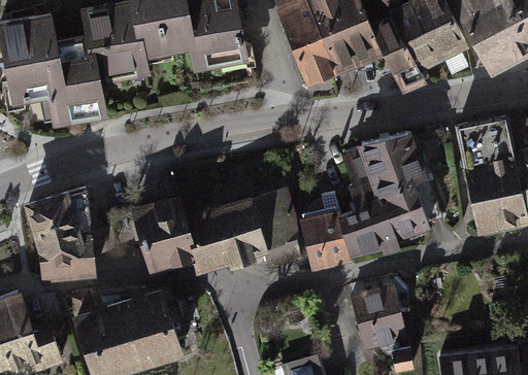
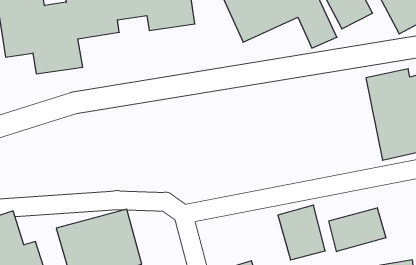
building: [301,136,430,271] -> none
building: [132,190,302,274] -> none
building: [36,200,95,278] -> none
building: none -> [329,208,386,252]

